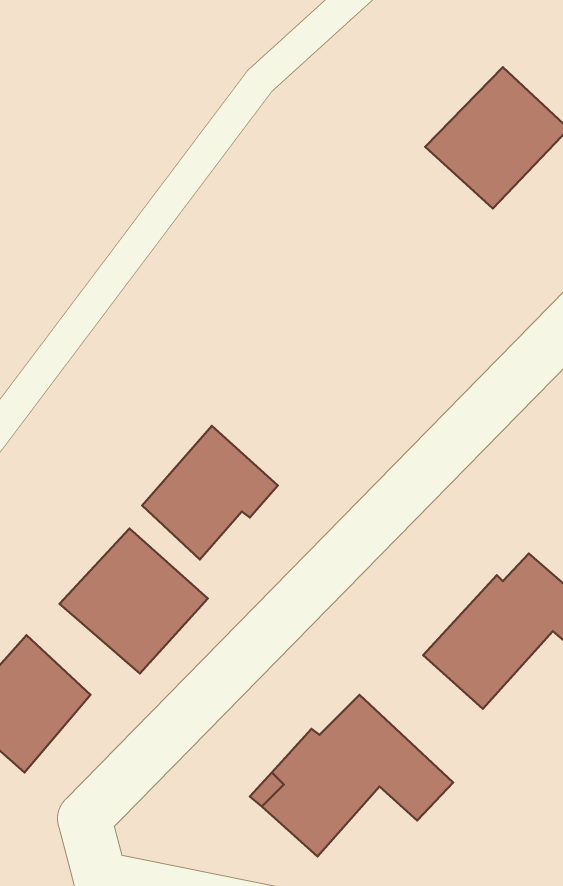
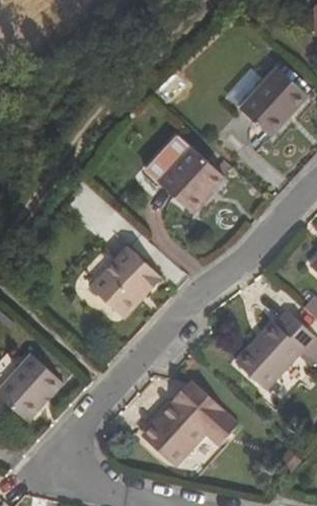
building: none -> [144,133,222,212]
building: [60,528,208,674] -> none

